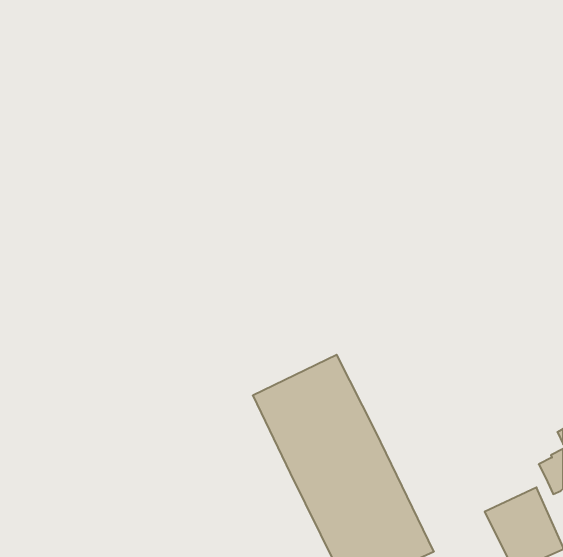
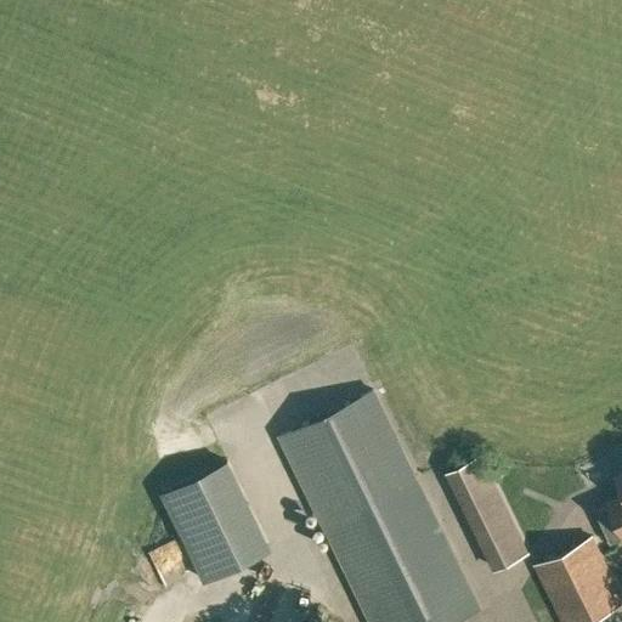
building: none -> [449,453,535,571]
building: none -> [169,460,275,579]

